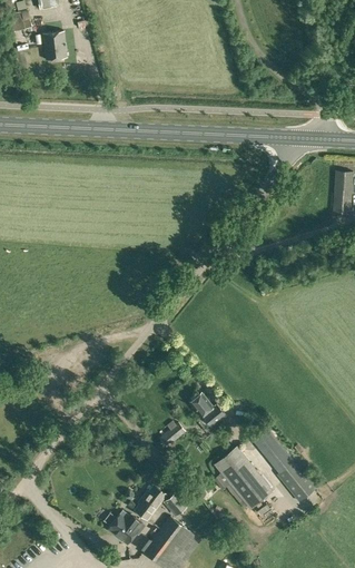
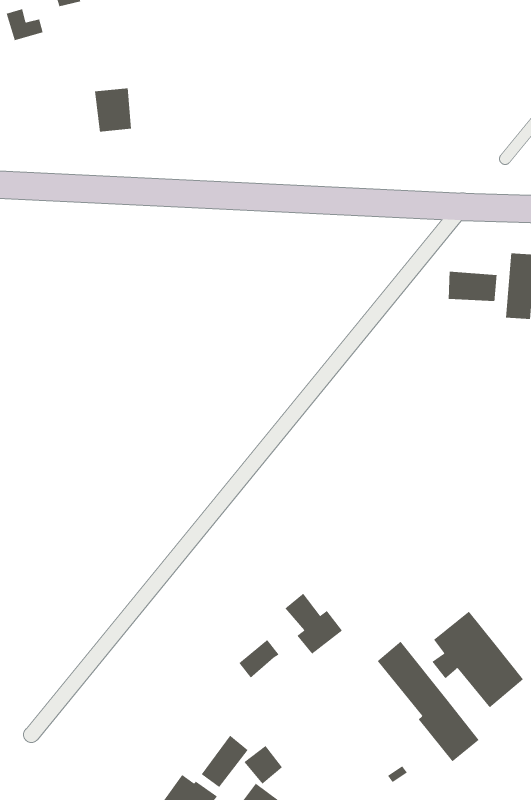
building: [42,31,67,60] -> [94,88,132,132]
building: none -> [448,271,497,302]
building: [213,445,273,509] -> [431,611,524,708]

